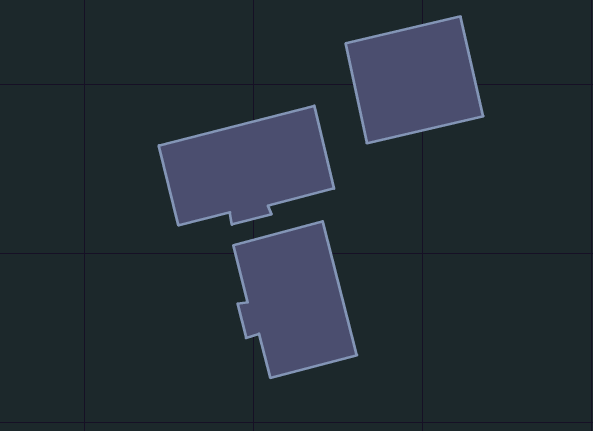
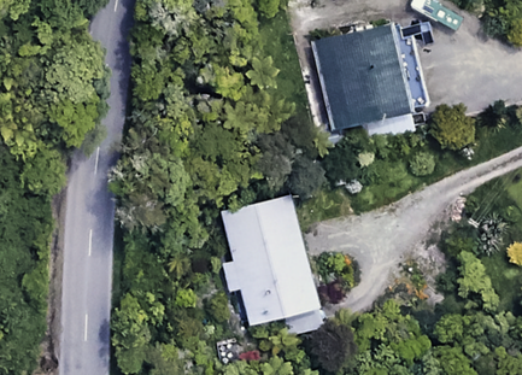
building: [159,106,334,225] -> none

